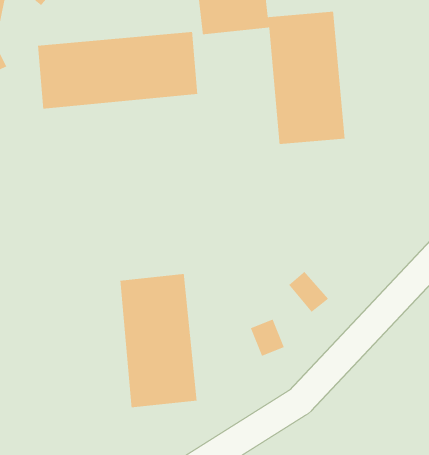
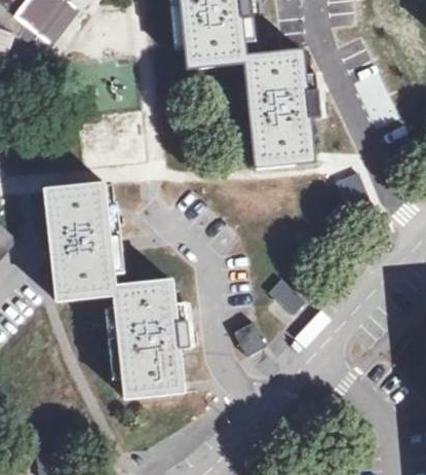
building: [37,31,198,110] -> none
building: none -> [45,182,114,301]

